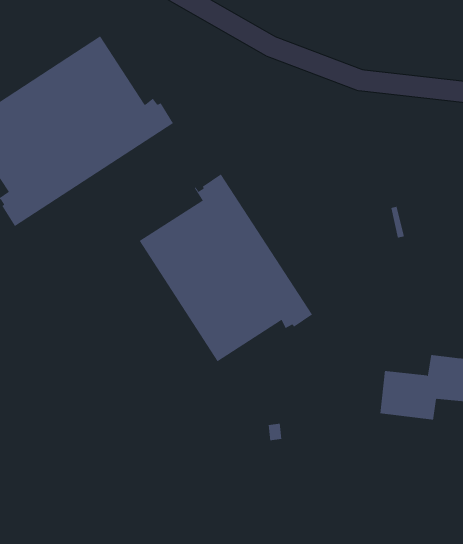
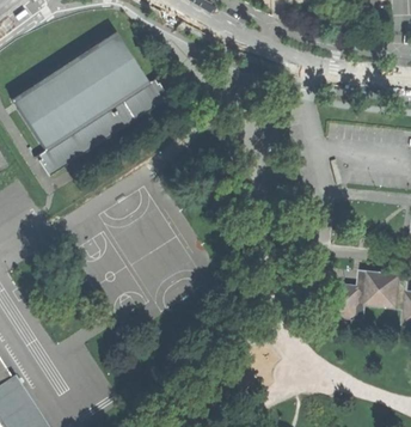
building: [139,173,313,362] -> none

